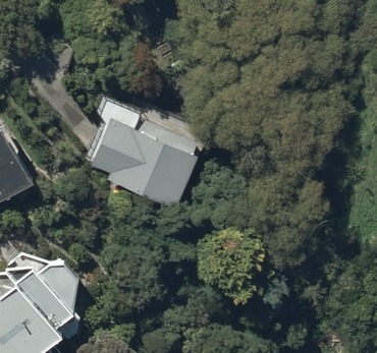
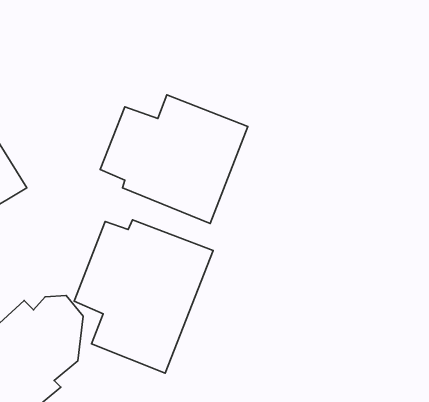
building: none -> [74,220,213,373]

